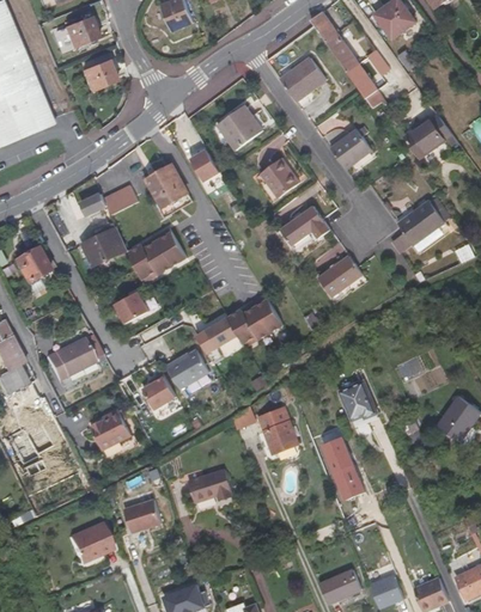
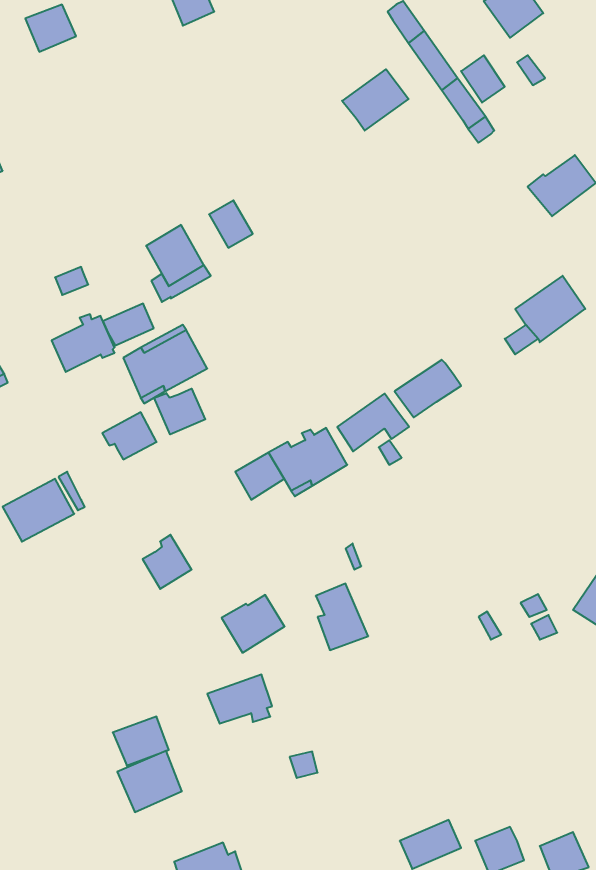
building: [83,57,116,90] -> none
building: [217,104,262,149] -> none
building: [331,129,372,167] -> none
building: [260,158,299,197] -> none
building: [103,184,138,213] -> [103,304,154,346]
building: [280,206,329,245] -> [337,394,409,451]
building: none -> [154,389,205,434]
building: [168,353,211,392] -> [222,595,285,653]
building: [341,382,377,421] -> none
building: [92,409,132,448] -> none
building: [323,437,366,501] -> none
building: [66,519,110,561] -> [117,751,182,812]

